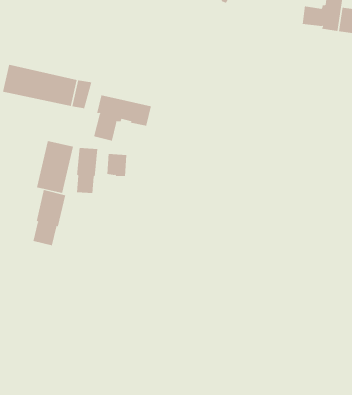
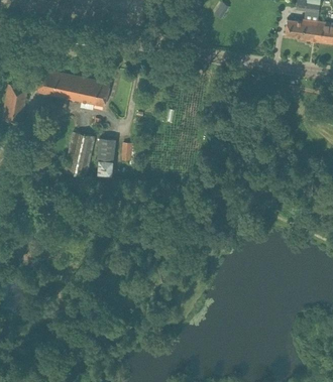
building: [93,94,152,142] -> none
building: [33,189,66,246] -> none

